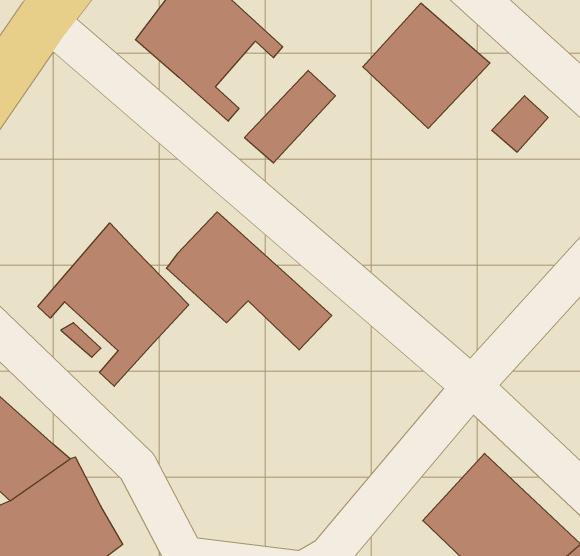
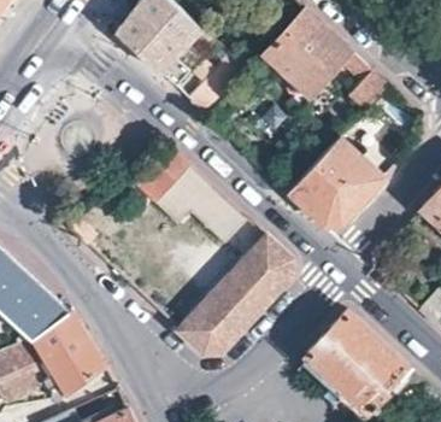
building: none -> [289,137,384,225]
building: [38,223,189,386] -> none
building: none -> [180,238,290,352]

